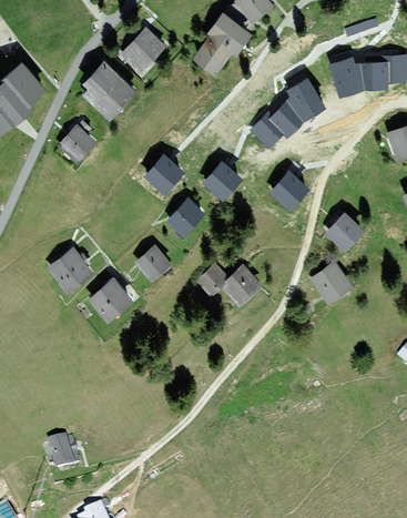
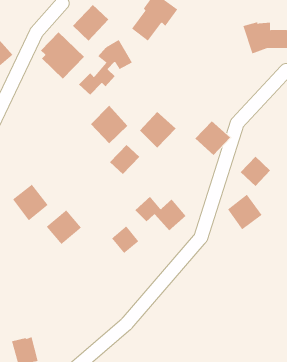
building: [253,72,319,141] -> [78,39,133,95]
building: [58,121,98,164] -> none
building: [135,247,170,282] -> [111,226,139,254]

